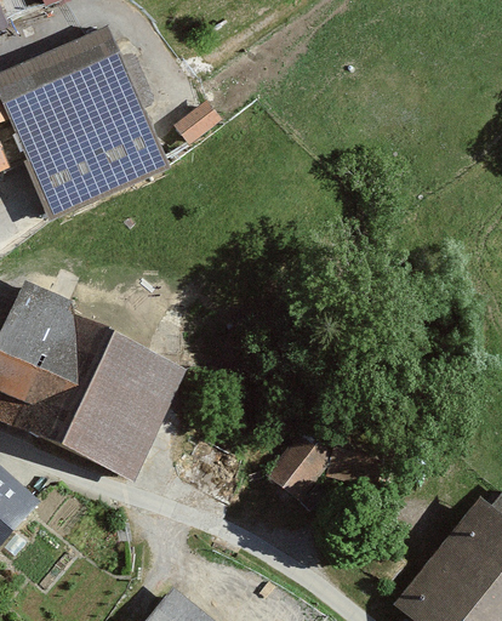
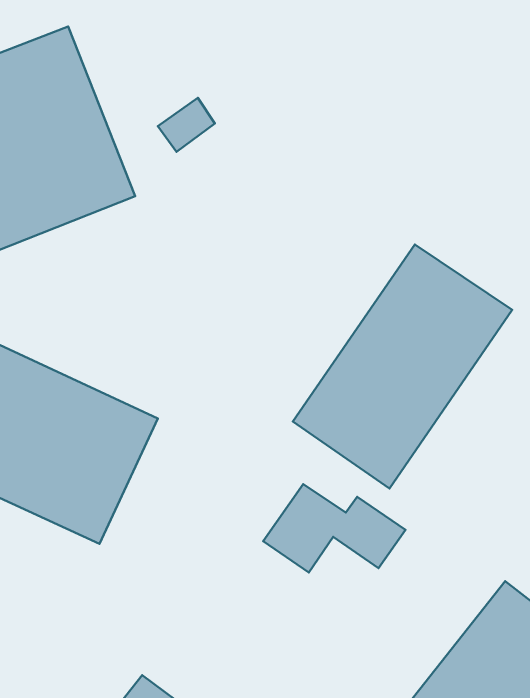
building: none -> [293,244,512,489]

